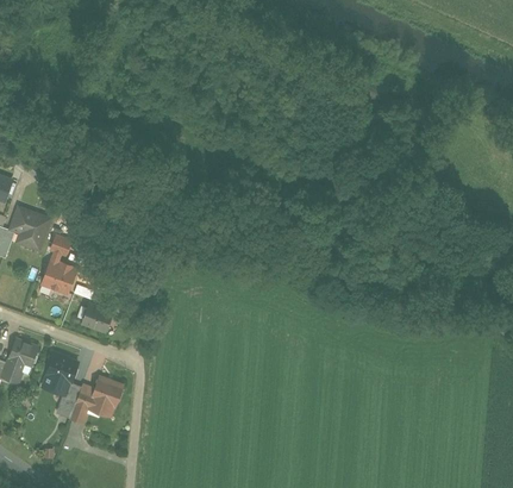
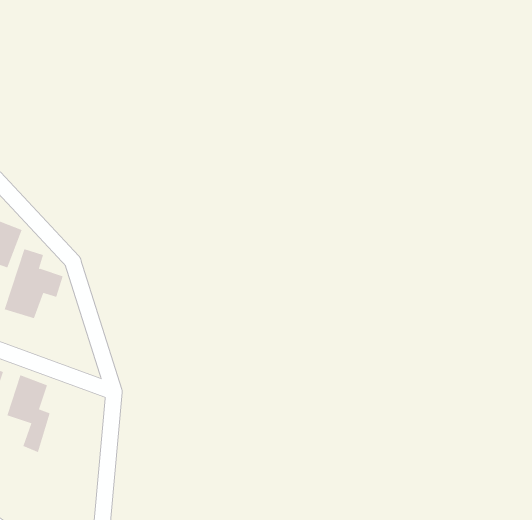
building: [79,299,112,332] -> none
building: [69,371,125,424] -> none

